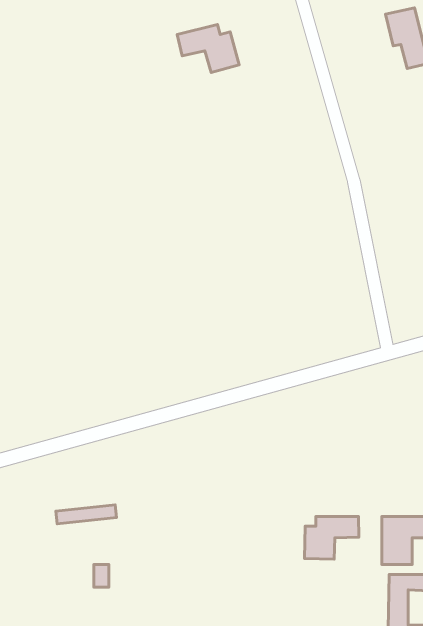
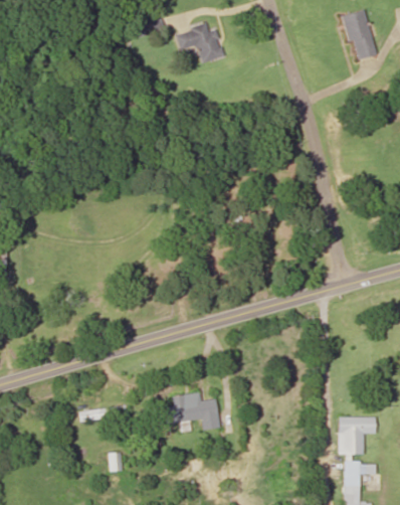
building: none -> [171,393,219,431]
building: [305,516,359,559] -> none

